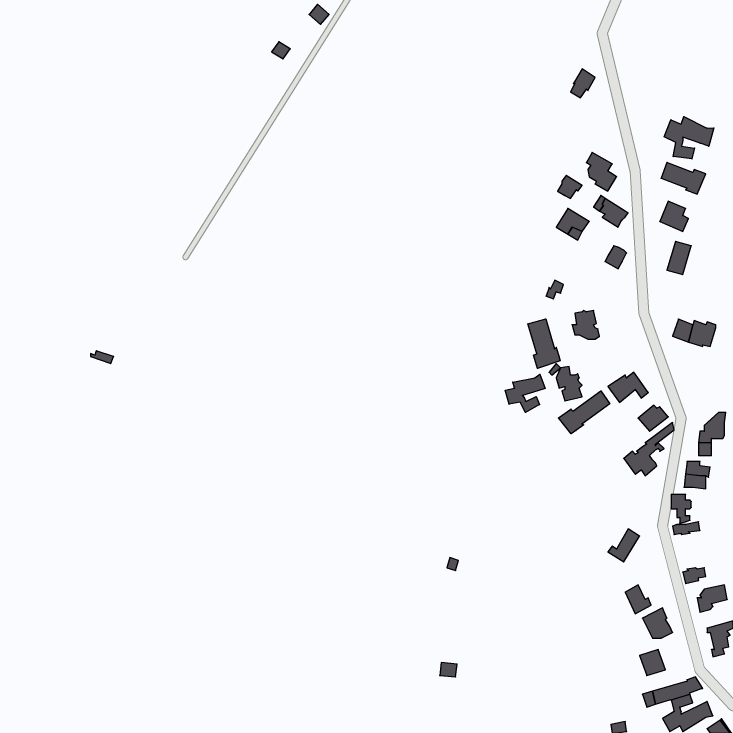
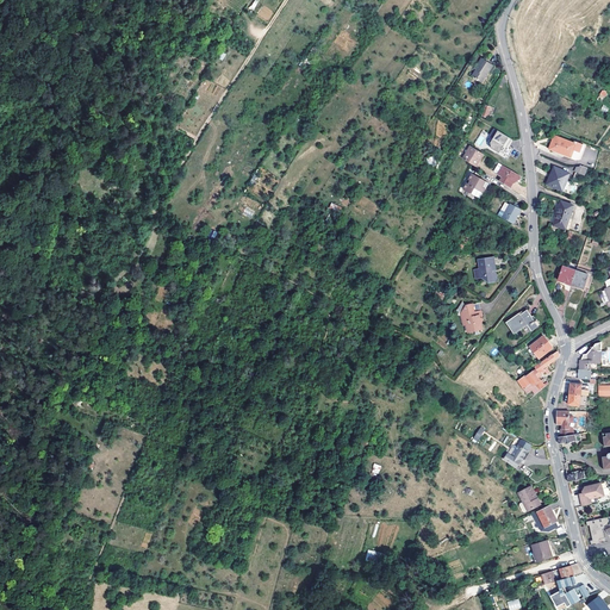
building: [664,117,714,159] -> none
building: [528,319,560,368] -> none
building: [505,374,545,412] -> none
building: [558,391,610,434] -> none

